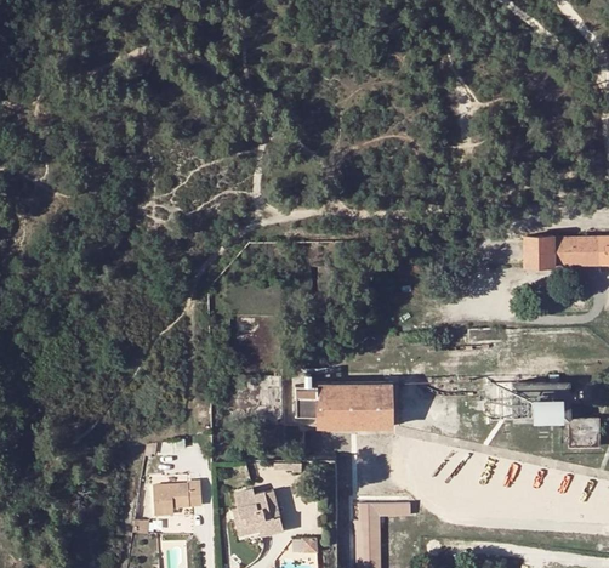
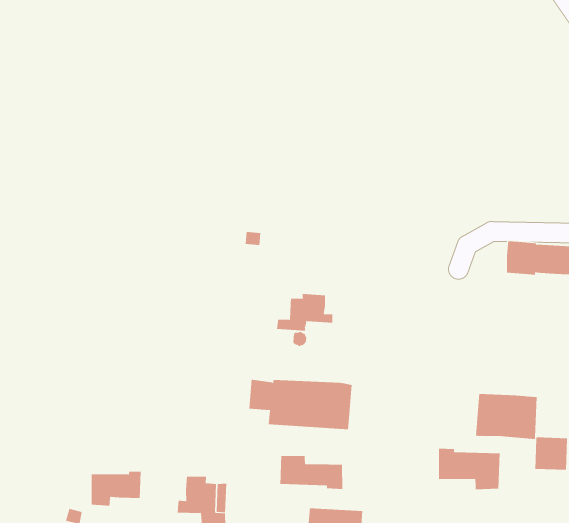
building: none -> [276,293,333,331]
building: none -> [439,448,500,490]
building: none -> [280,455,343,490]

